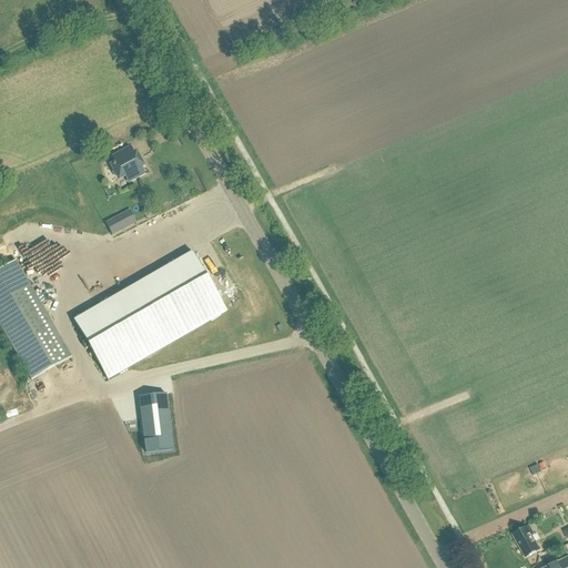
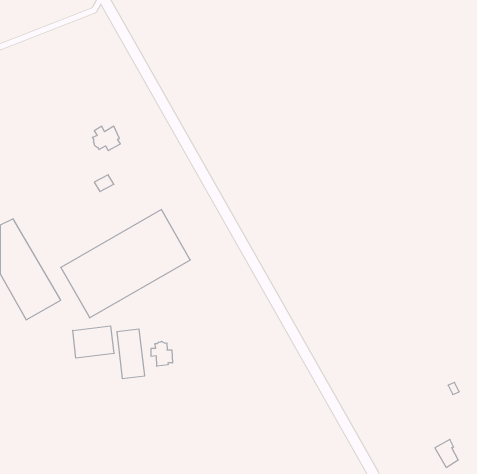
building: none -> [73,326,114,358]
building: none -> [151,341,173,366]

